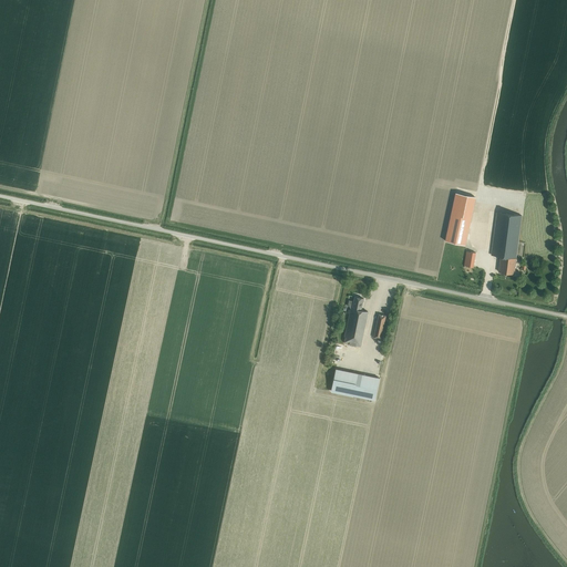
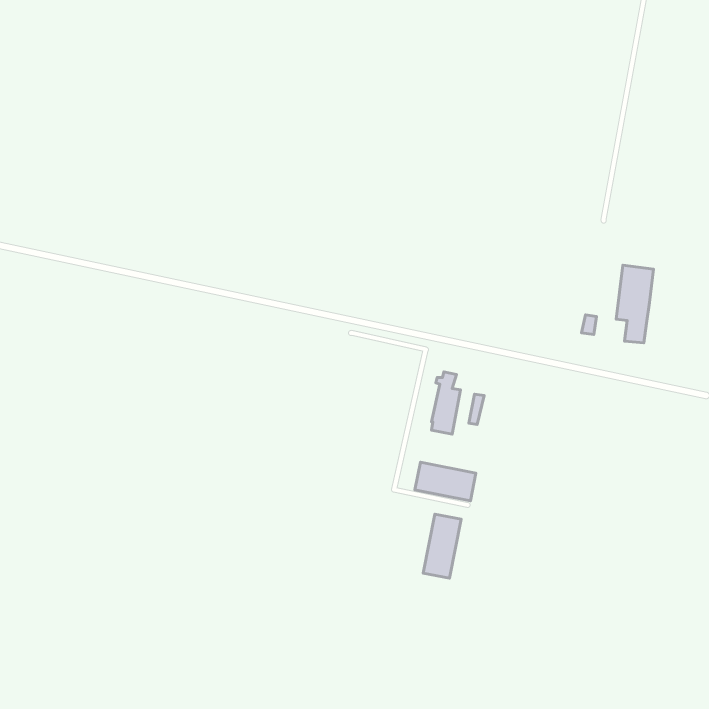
building: [445,193,476,245] -> none
building: none -> [423,514,461,578]

